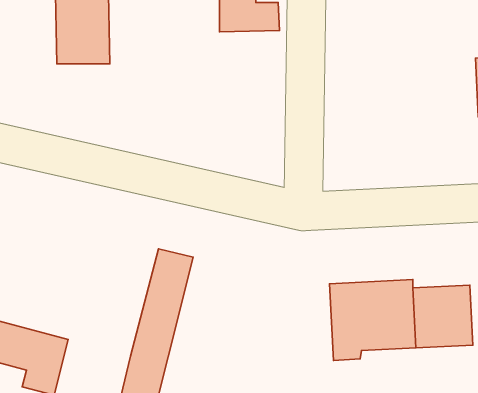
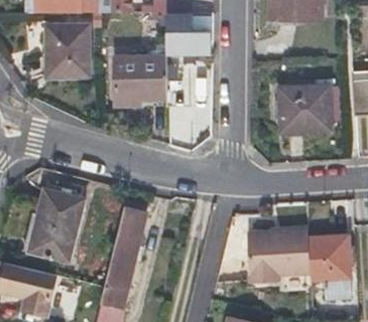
building: none -> [115,57,169,104]
building: none -> [280,87,331,131]
building: none -> [31,189,84,261]

